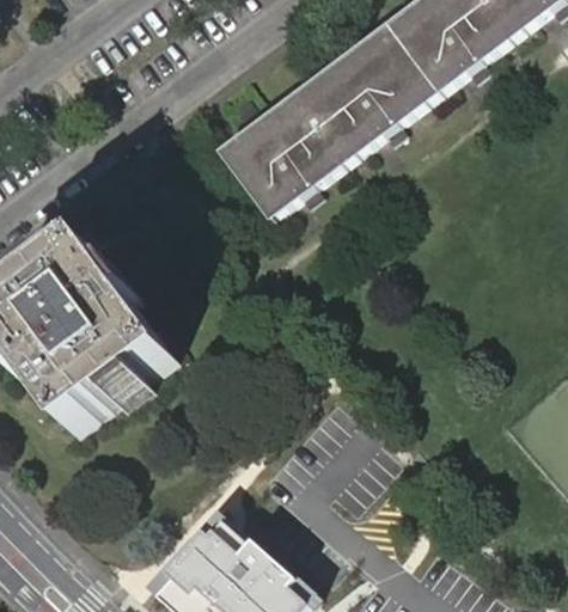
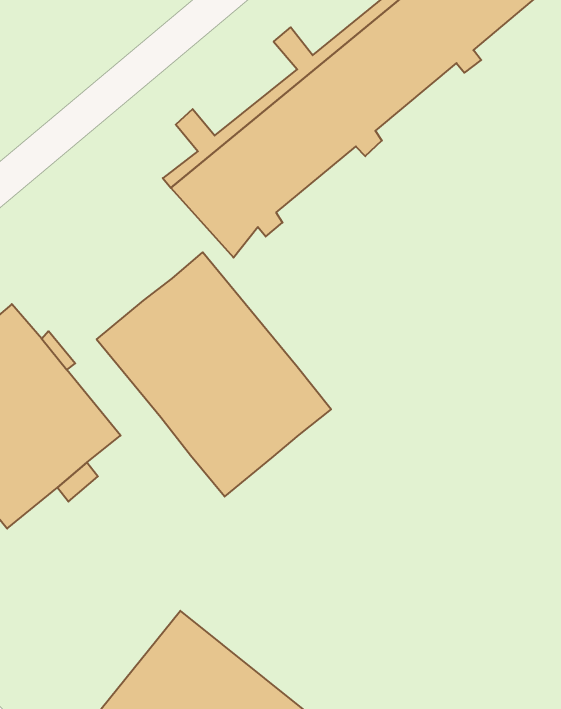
building: none -> [97,252,331,497]

